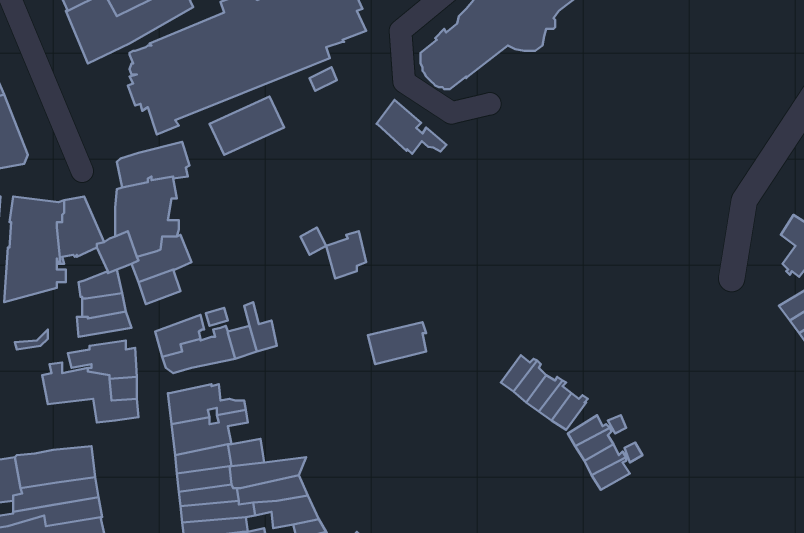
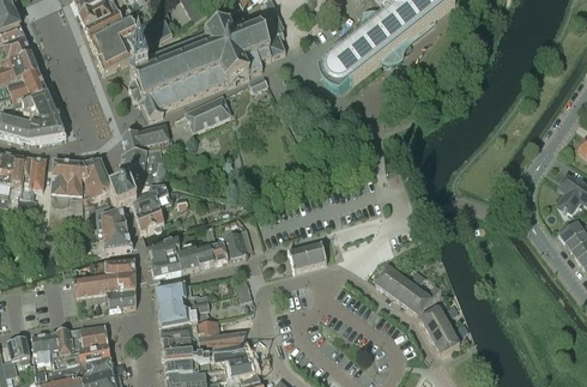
building: [376,100,446,154] -> none
building: [326,231,366,279] -> [225,226,252,258]

